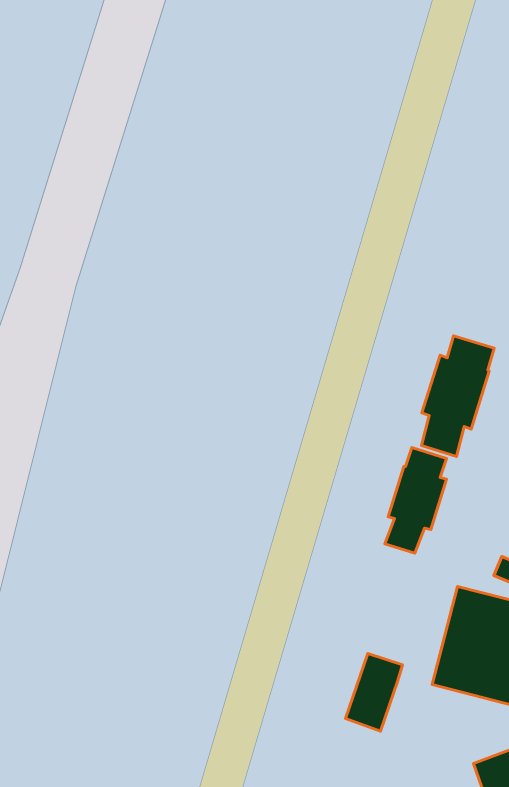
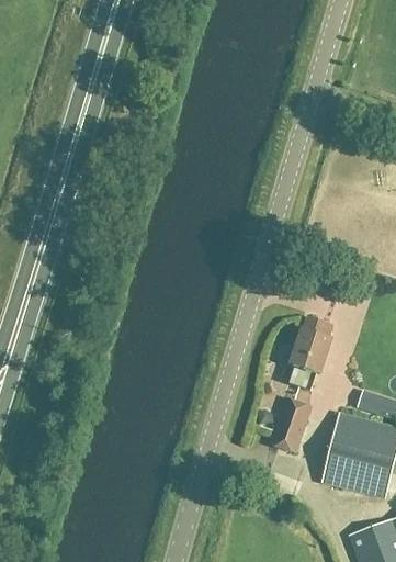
building: [422,336,494,456] -> none
building: [346,654,403,731] -> [270,398,309,452]

